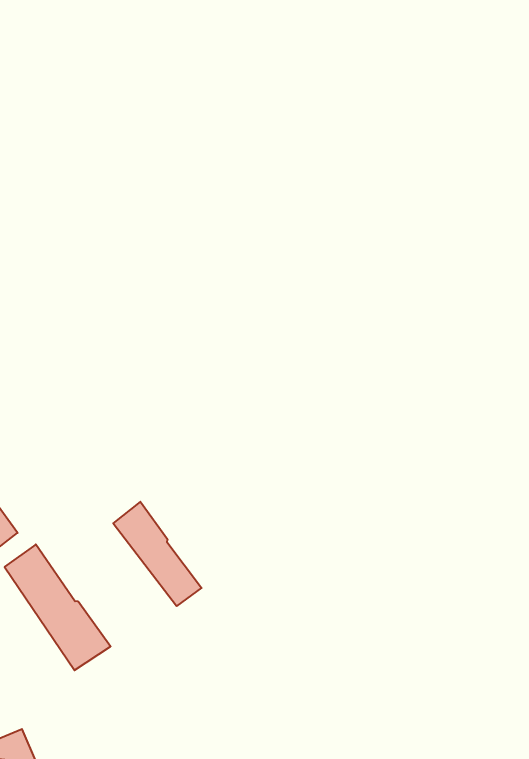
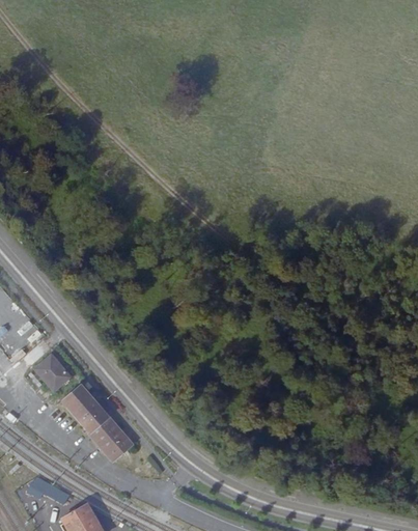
building: [113,502,202,606] -> none

